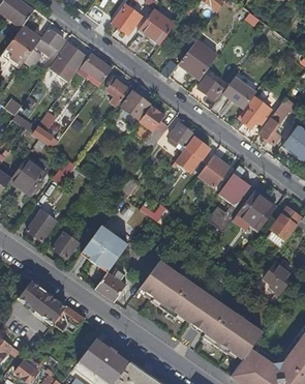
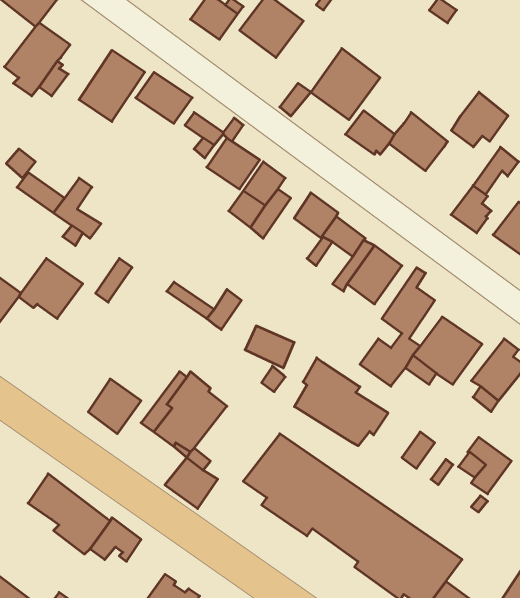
building: [36,28,64,55] -> none
building: [238,96,270,127] -> [451,92,508,147]
building: [27,209,56,240] -> none
building: none -> [294,358,388,446]

